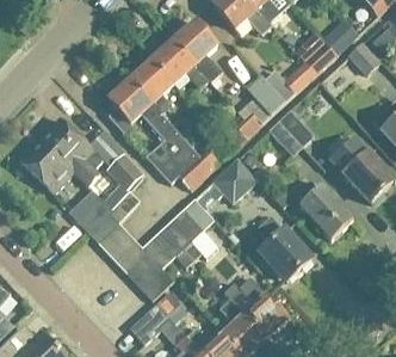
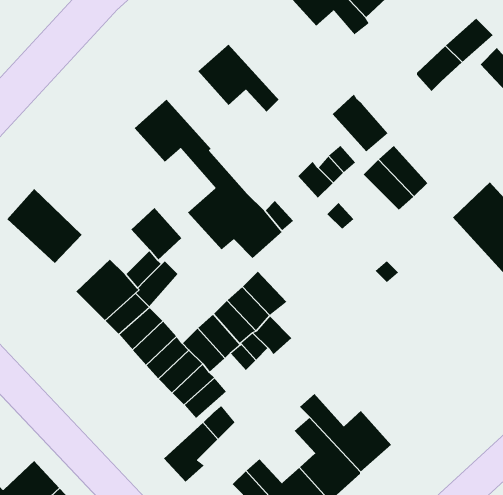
building: [174,19,222,81] -> none
building: [131,59,174,112] -> none
building: [264,61,315,101] -> none
building: [39,118,103,180] -> none
building: [211,159,258,204] -> none
building: [297,179,353,239] -> none
building: [256,214,311,279] -> none

